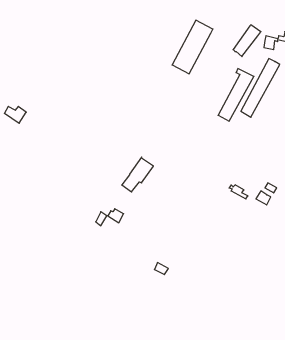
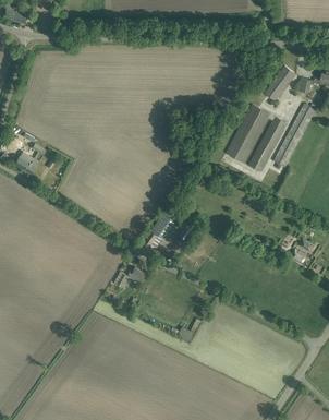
building: [172,20,213,74] -> [226,104,270,163]

